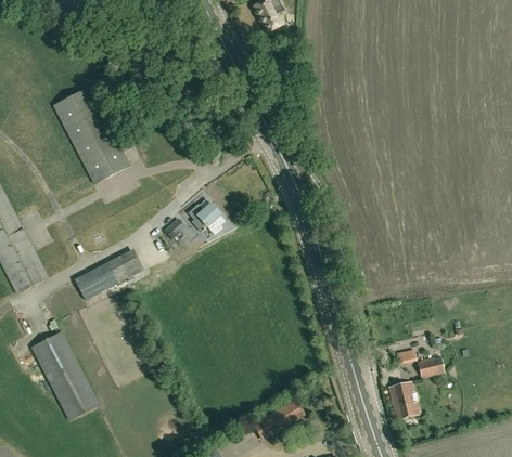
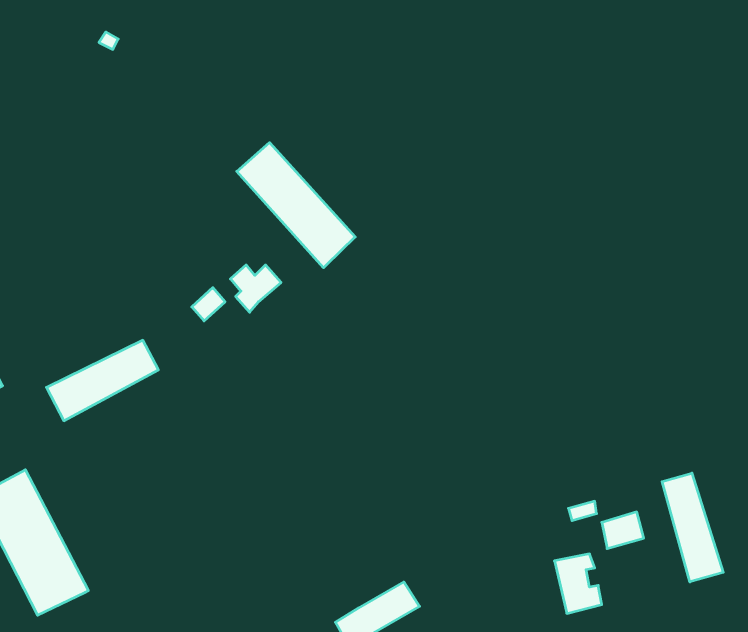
building: [53,88,129,184] -> none
building: none -> [237,143,355,268]
building: none -> [662,473,723,582]

